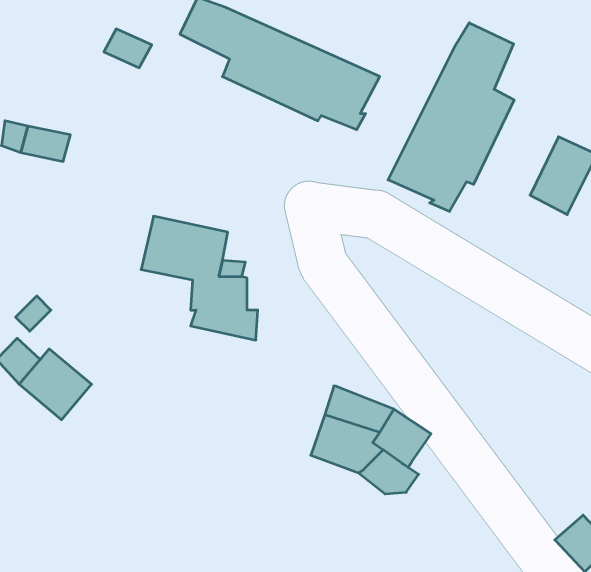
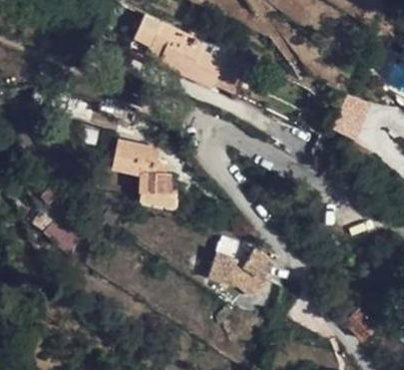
building: [388,23,514,211] -> none

